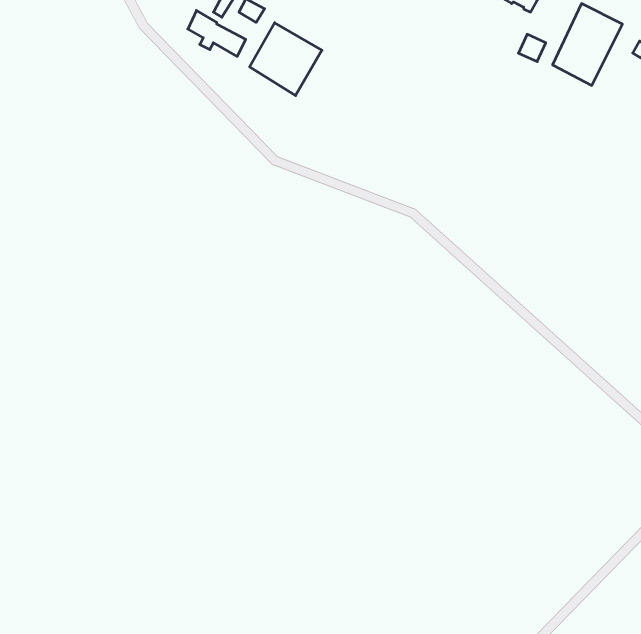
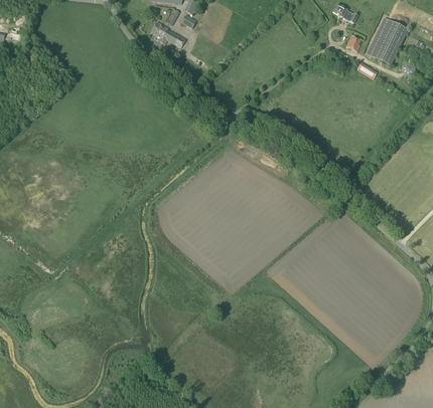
building: [250,23,322,96] -> none

